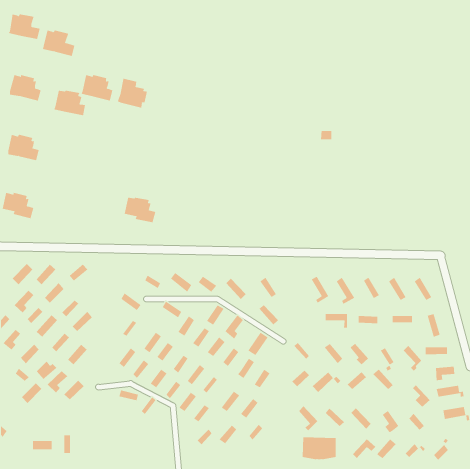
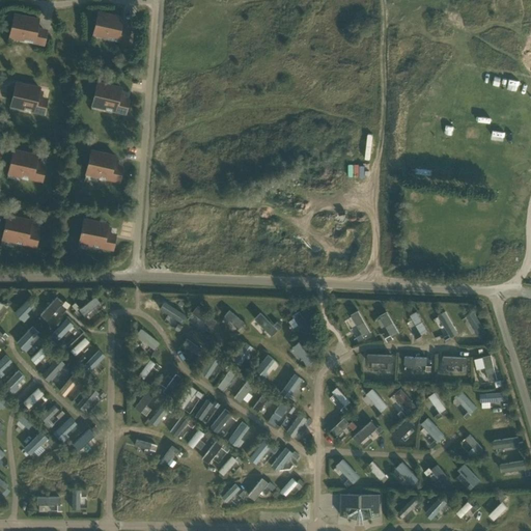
building: [42,30,75,56] -> [92,15,130,45]
building: [117,78,147,108] -> none
building: [54,90,86,116] -> [85,153,121,183]
building: [124,197,156,223] -> [79,222,115,251]

